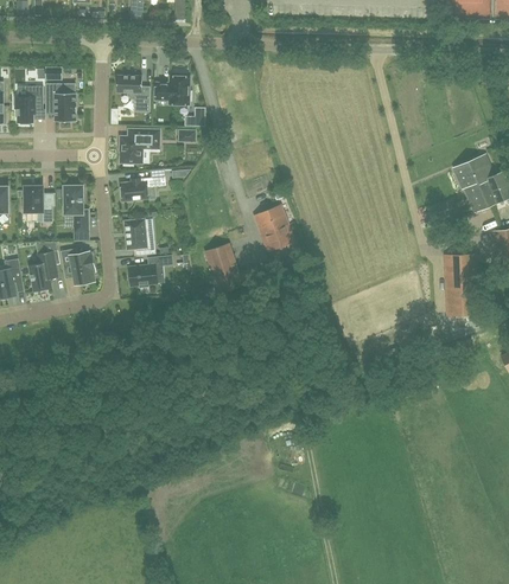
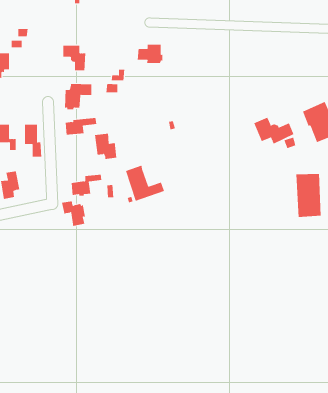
building: [154,76,191,103] -> [137,44,163,64]
building: [45,83,76,121] -> none
building: none -> [253,117,294,144]
building: [253,204,293,250] -> none
building: [123,218,155,255] -> [94,133,117,159]
building: [59,248,94,283] -> [61,201,86,226]

